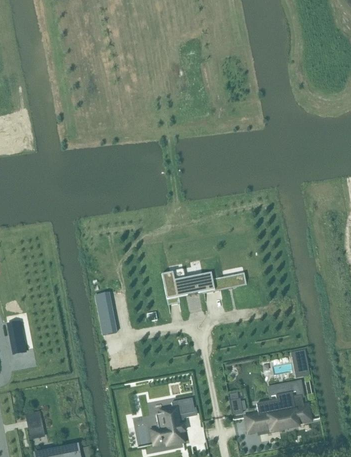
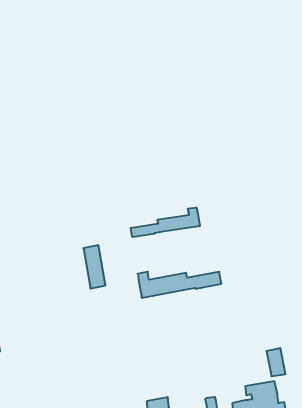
building: none -> [131,207,200,237]
building: [94,292,116,335] -> [83,245,105,289]

